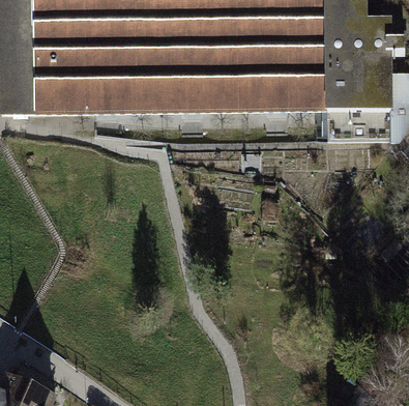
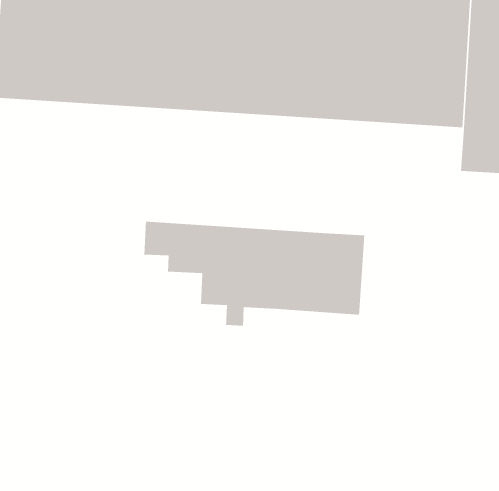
building: none -> [143,221,365,326]

